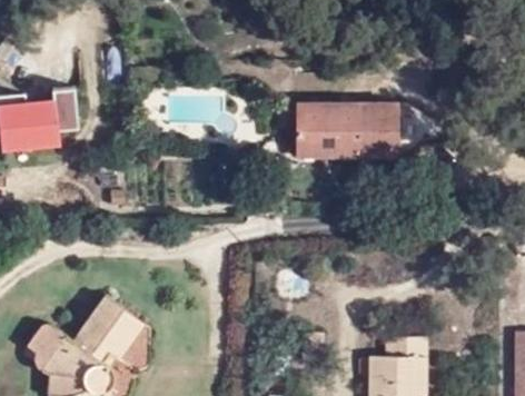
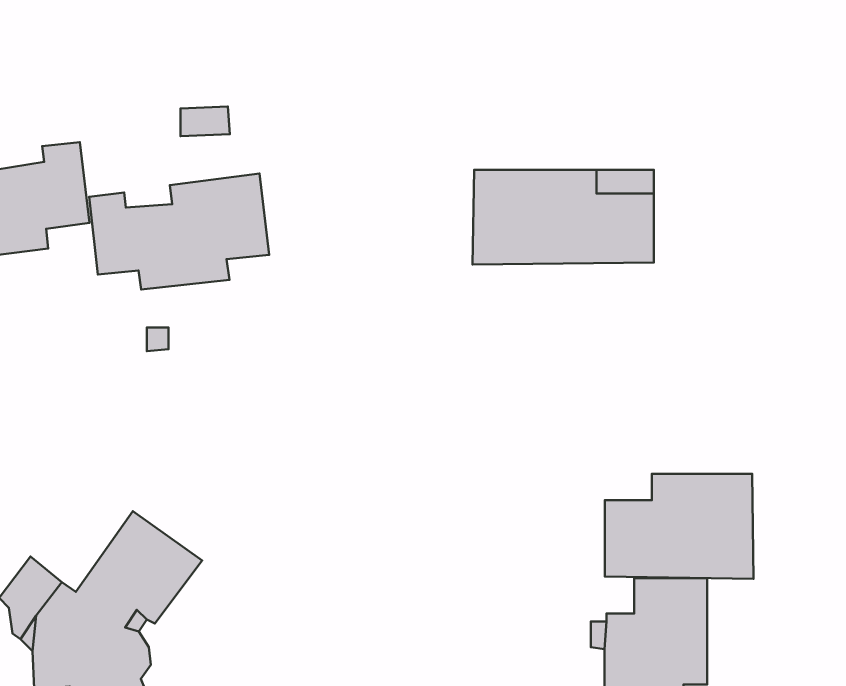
building: none -> [89,174,269,289]
building: none -> [605,474,754,579]

